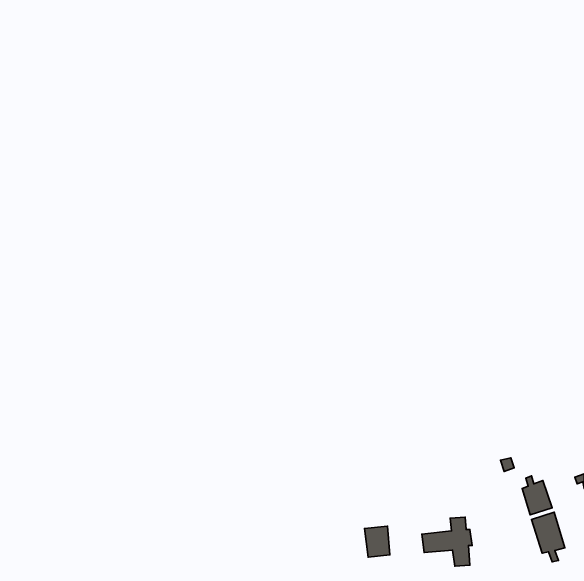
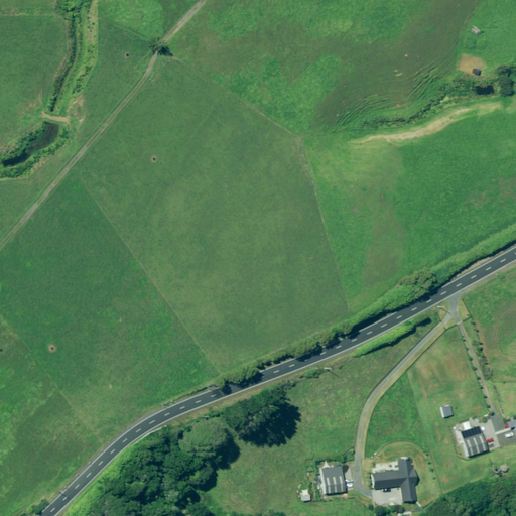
building: [531,512,565,562] -> none

